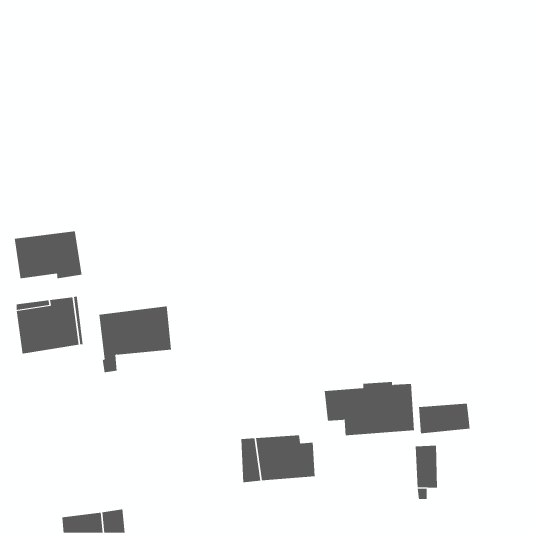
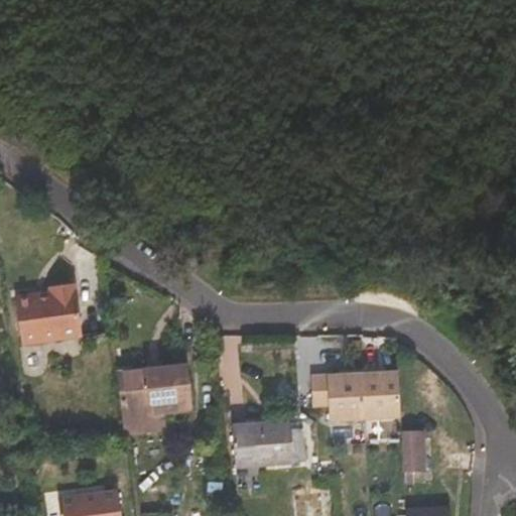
building: [14,230,82,279] -> none
building: [99,306,172,373] -> [118,366,188,430]
building: [419,403,470,434] -> none

